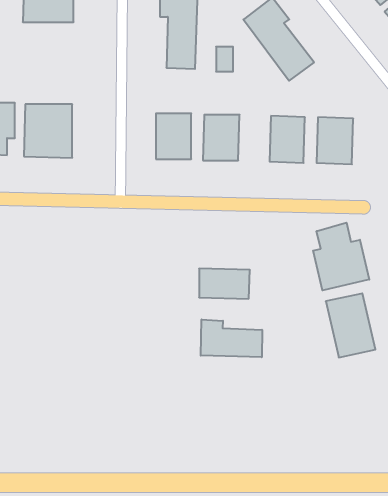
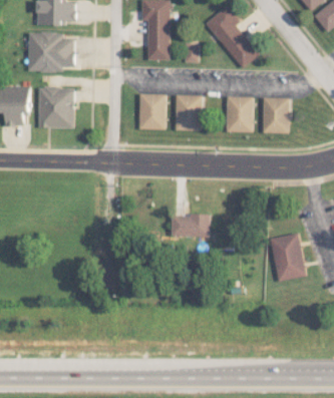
building: none -> [27,32,74,71]
building: [313,223,369,290] -> none
building: [201,319,262,357] -> none

